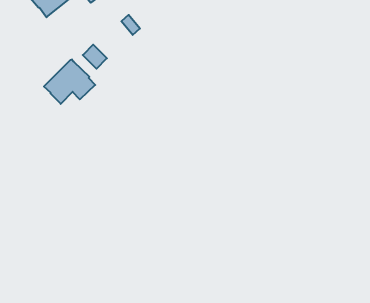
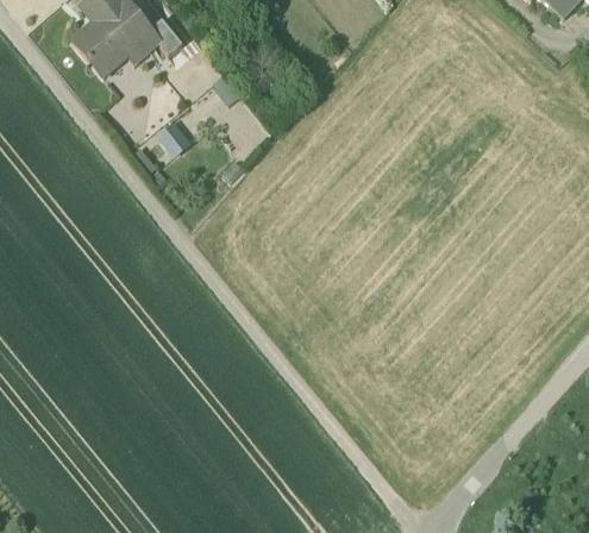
building: [44,59,95,104] -> none

